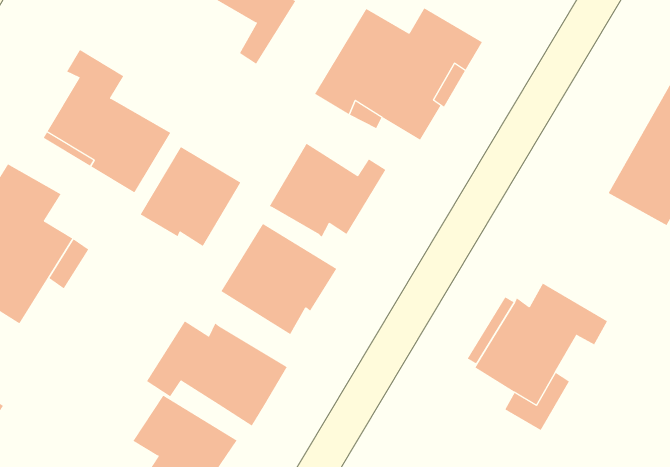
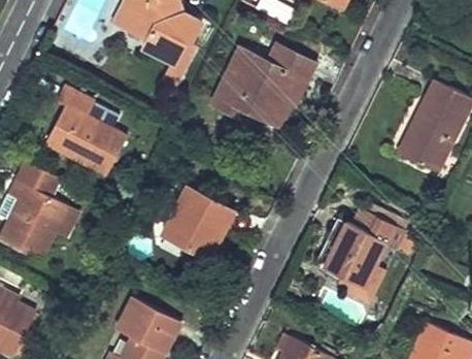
building: [269,143,386,238] -> none
building: [140,146,241,247] -> none
building: [146,320,288,426] -> none

